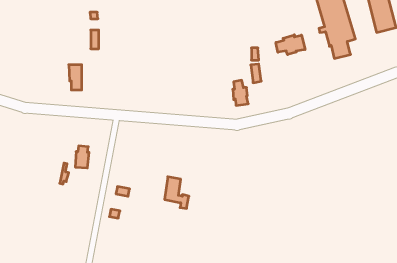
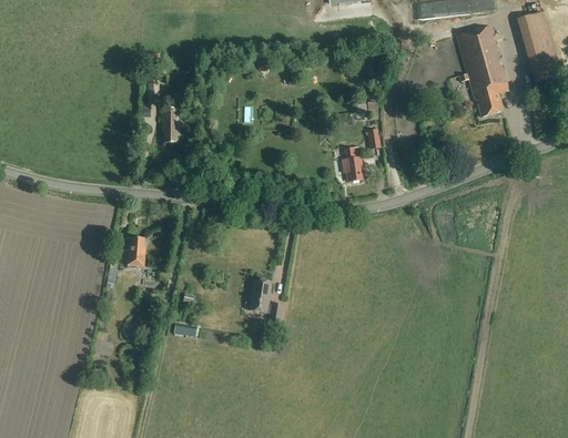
building: [276,35,305,55] -> none
building: [69,65,82,90] -> [160,108,178,142]

